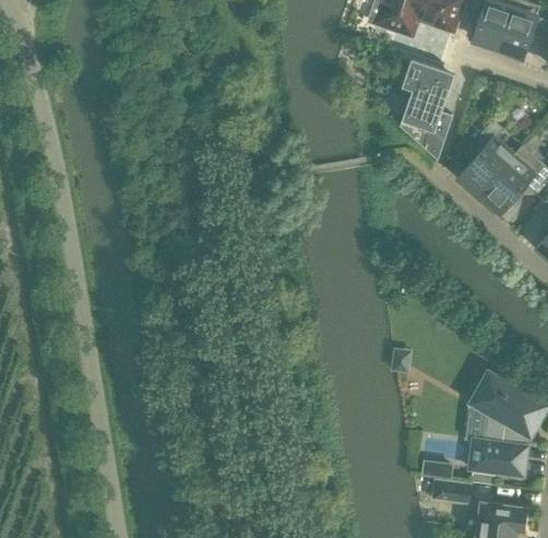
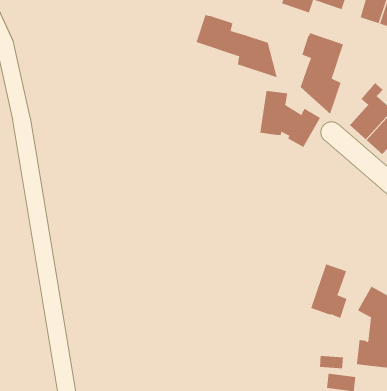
building: none -> [196,14,277,78]
building: none -> [260,90,321,148]
building: none -> [310,263,347,319]

